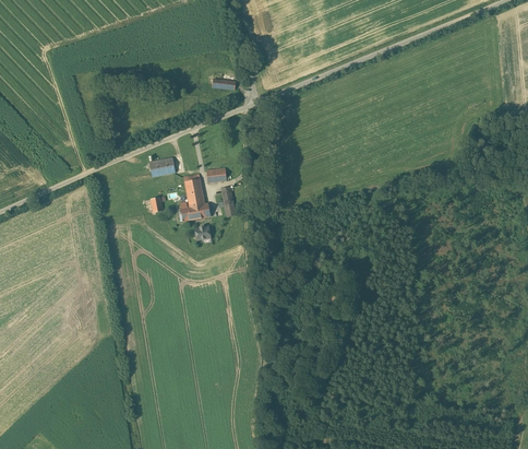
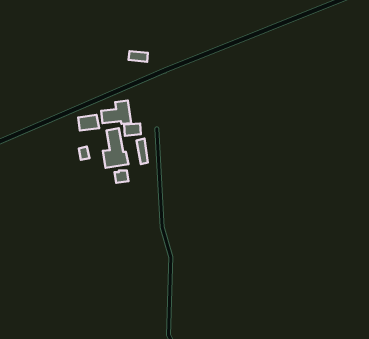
building: none -> [101,100,131,124]

